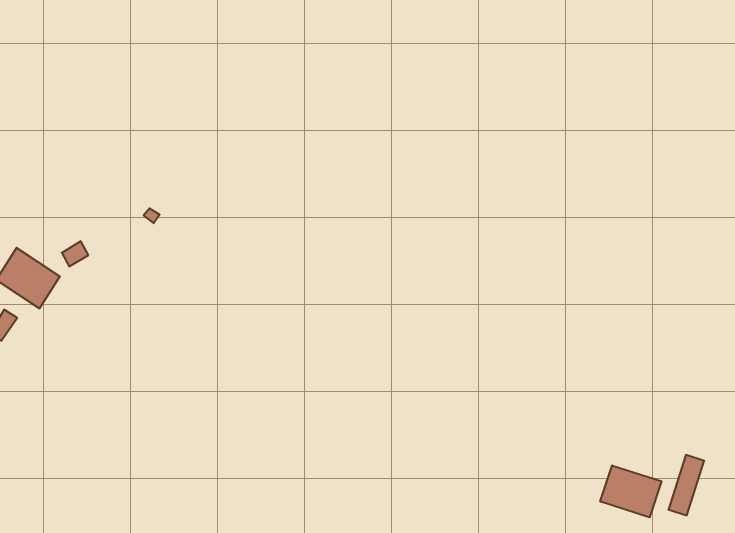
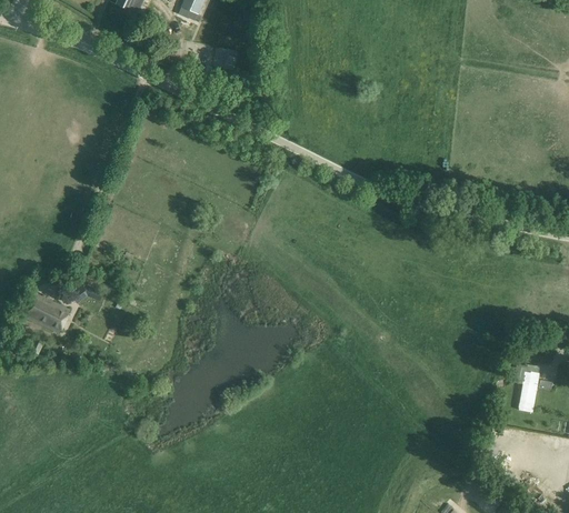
building: [600,465,661,517] -> none

